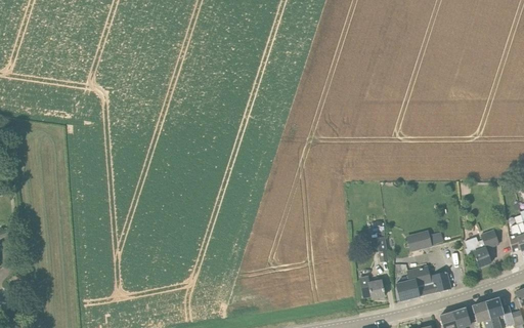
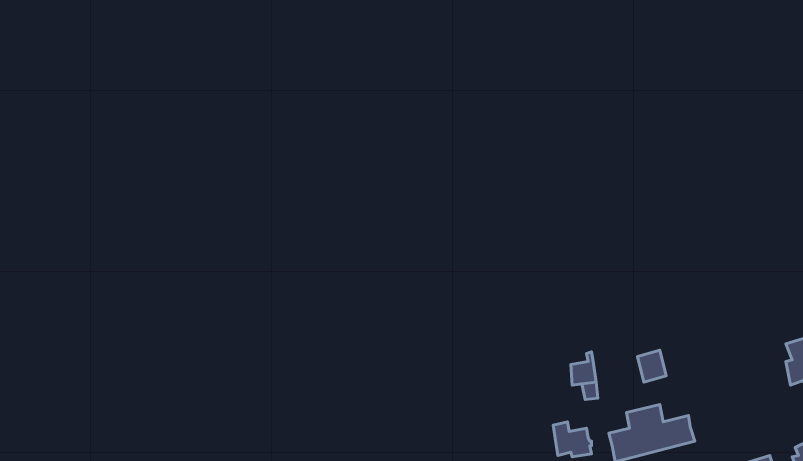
building: [466,230,499,266] -> none

